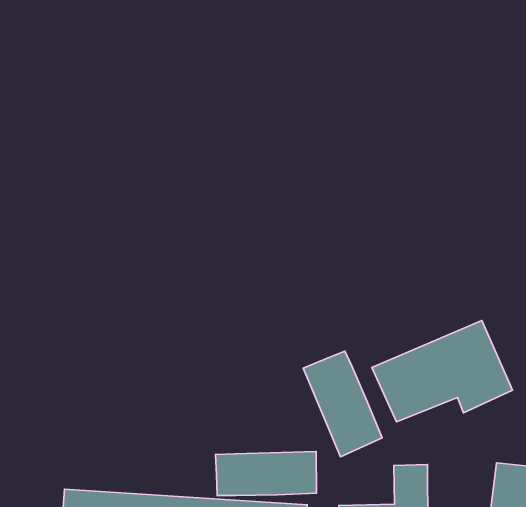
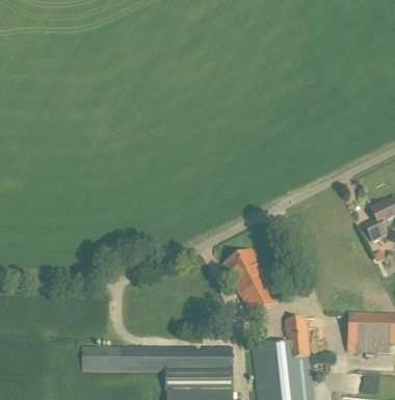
building: [372,321,513,422] -> none
building: [216,451,316,496] -> none

